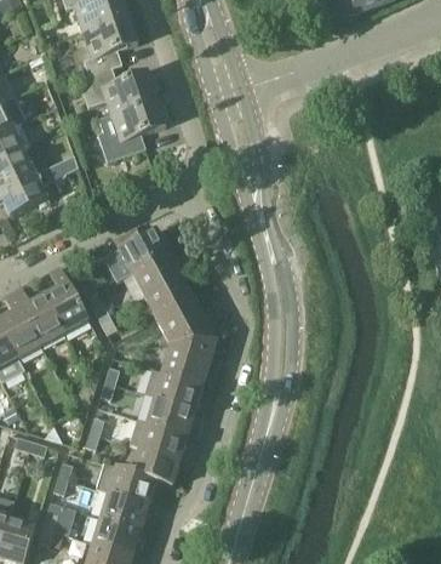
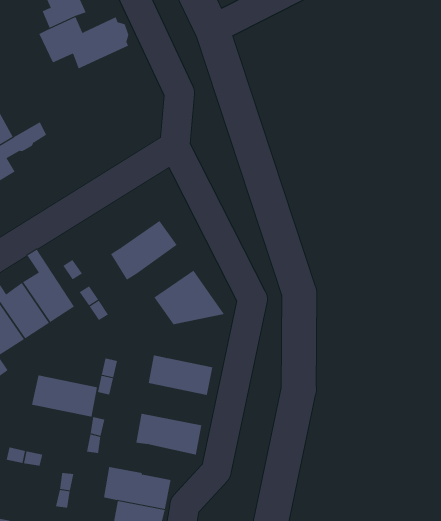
building: [98,97,167,161] -> none
building: [119,227,168,272] -> none
building: [144,274,194,318] -> none
building: [162,338,217,383] -> none
building: [136,392,195,433] -> [31,375,98,417]
building: [132,445,181,484] -> none

